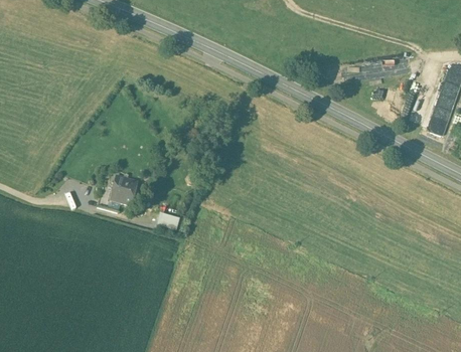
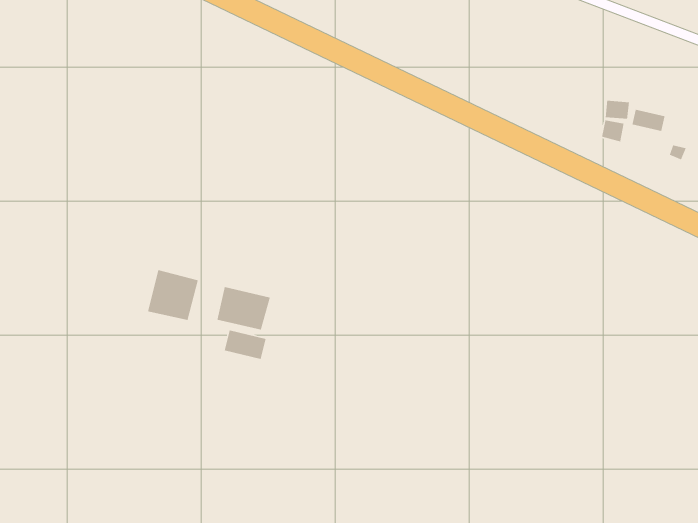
building: none -> [216,286,271,330]

